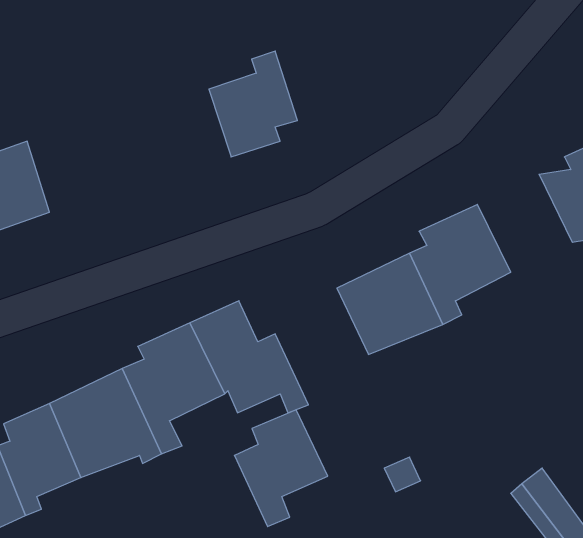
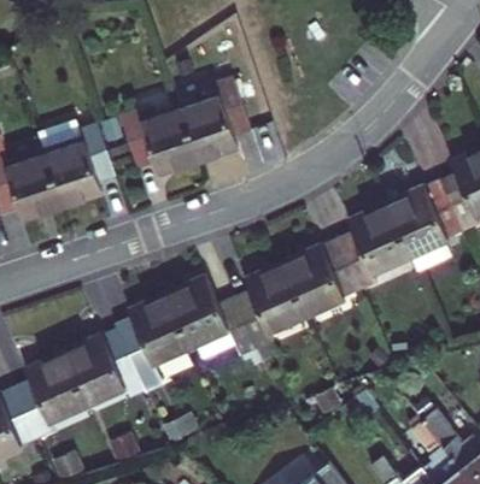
building: none -> [117,113,200,179]
building: none -> [45,126,115,207]
building: none -> [388,178,461,253]
building: [234,410,328,527] -> [234,265,305,354]

